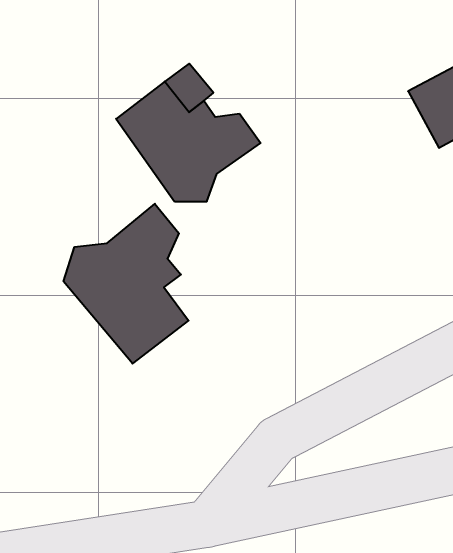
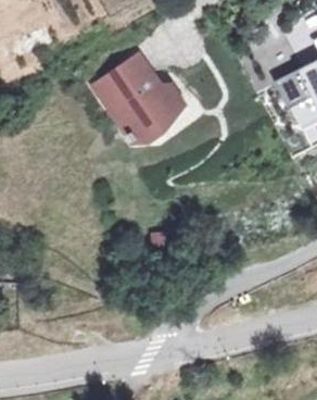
building: [64,204,189,364] -> none

